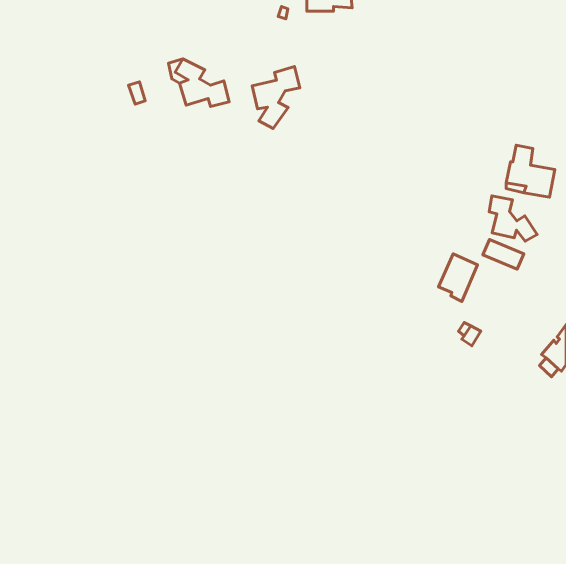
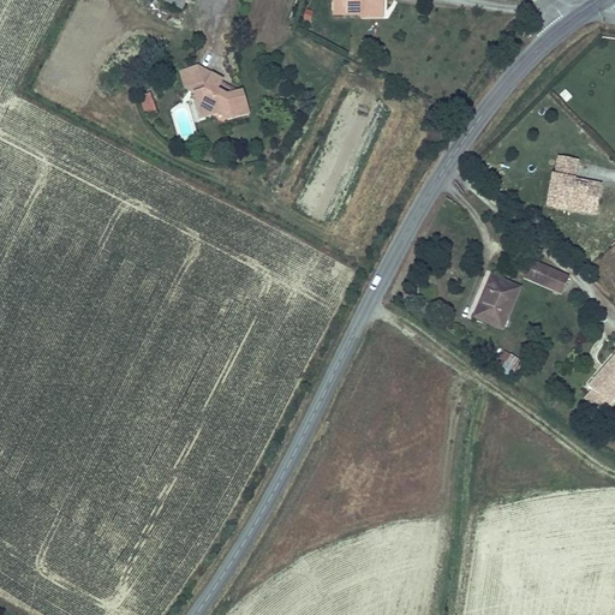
building: [252,67,300,128] -> none
building: [489,196,537,241] -> none

